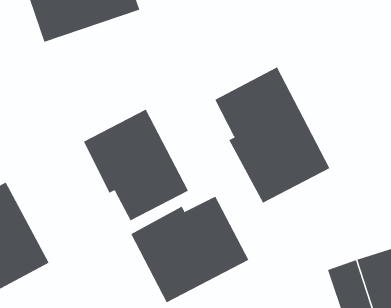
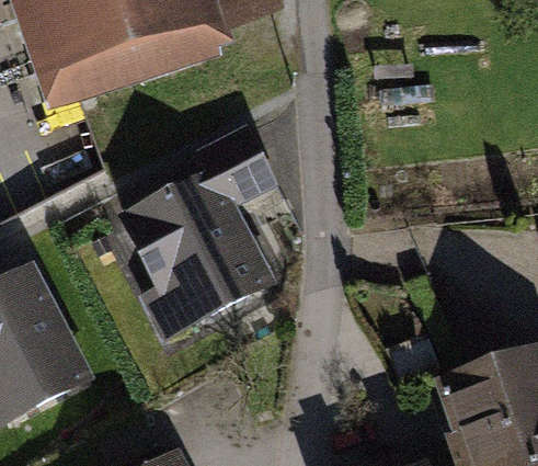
building: [215,66,330,203] -> none
building: [130,196,249,303] -> none

